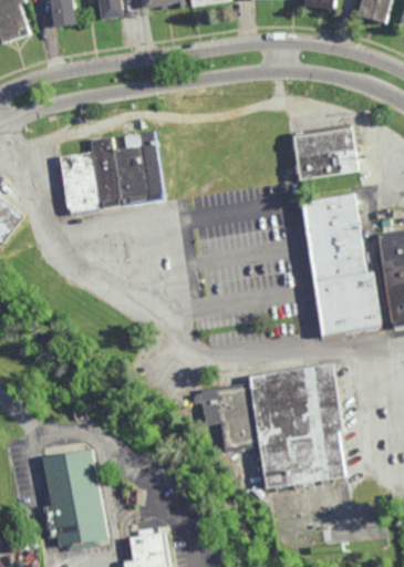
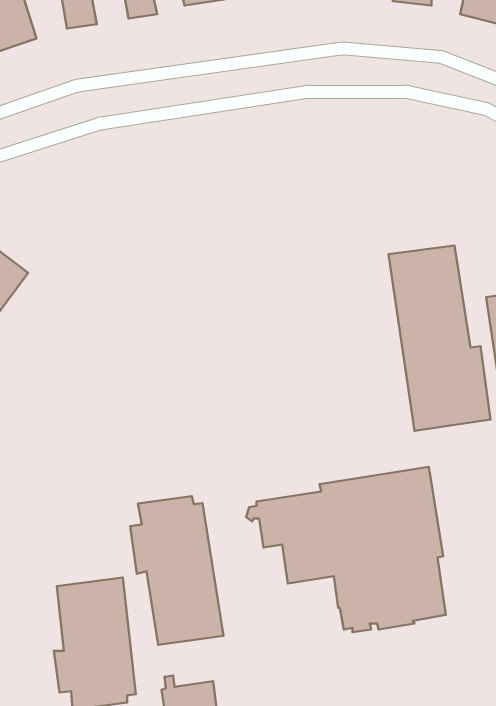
building: [288,123,358,181] -> none
building: [59,130,164,215] -> none
building: none -> [130,496,224,645]

